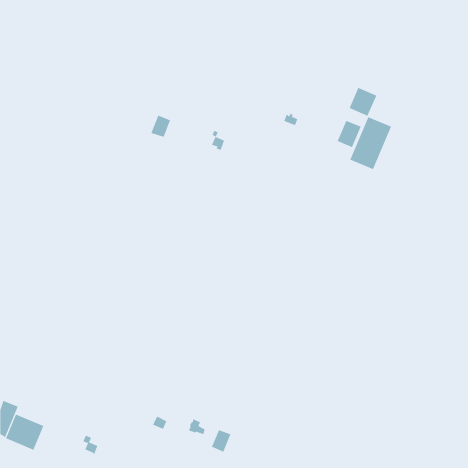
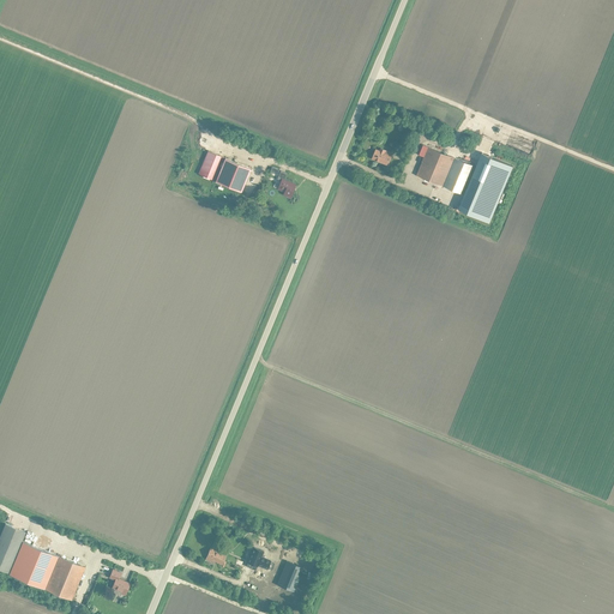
building: [349,87,377,117] -> [415,148,452,186]
building: none -> [215,158,249,192]
building: none -> [44,558,84,601]

